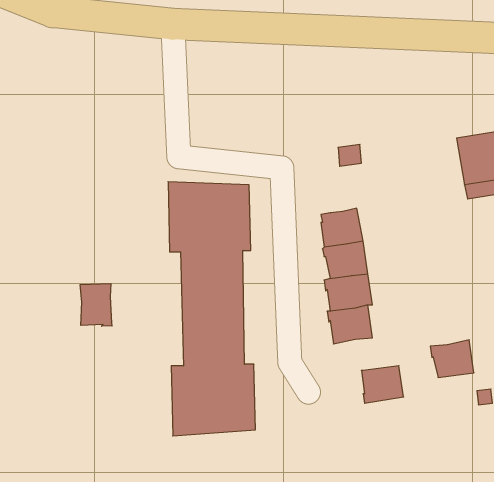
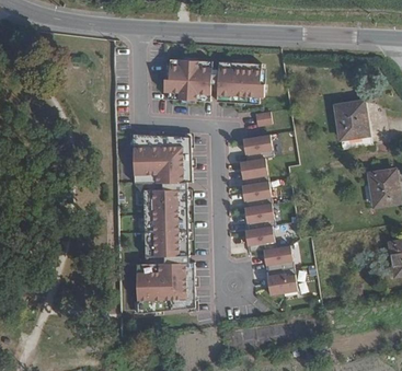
building: none -> [163,57,263,102]
building: none -> [241,131,274,158]
building: [80,284,112,326] -> none
building: [430,340,474,377] -> [264,242,295,268]

